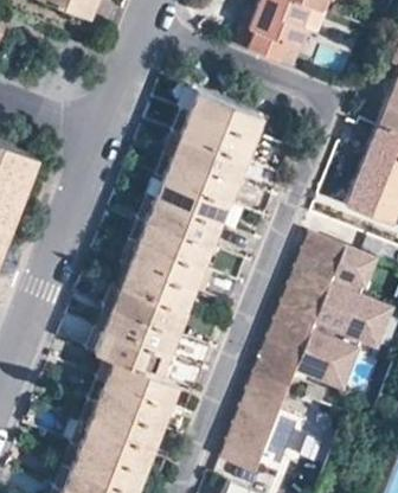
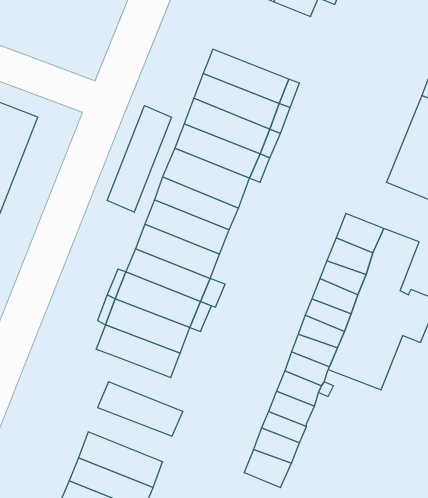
building: none -> [107,106,172,212]
building: [103,359,176,406] -> none
building: [85,403,159,450] -> none

